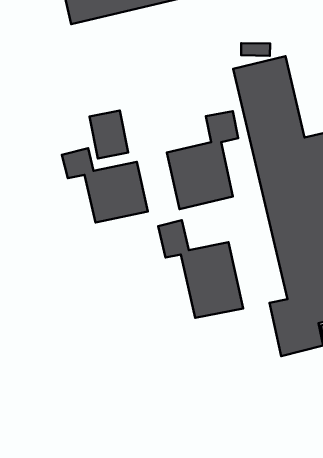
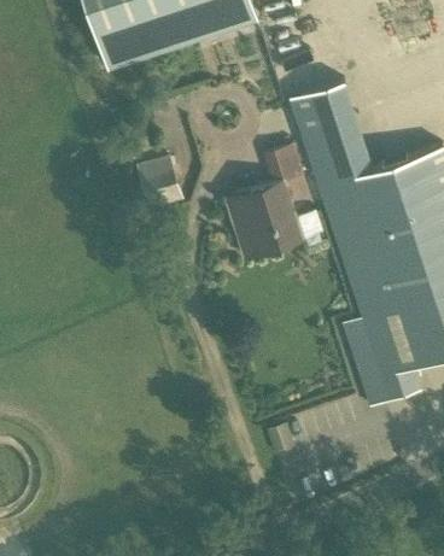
building: [62,148,148,222] -> none
building: [158,220,243,318] -> none

